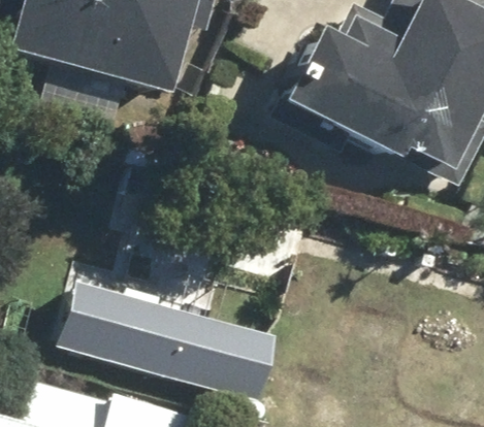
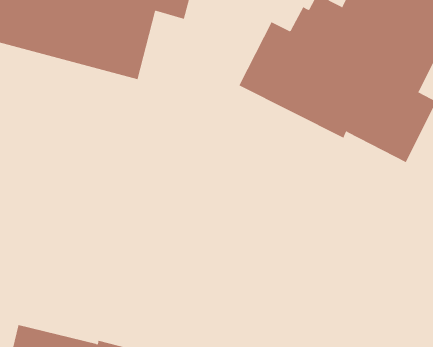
building: [65,281,278,393] -> none

